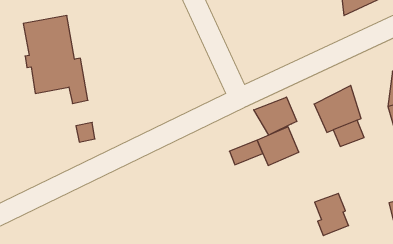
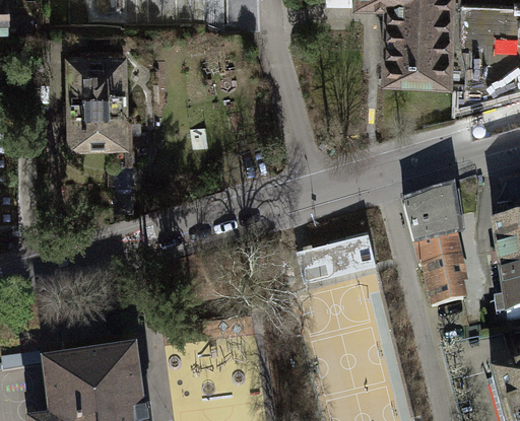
building: [254,97,297,135] -> none
building: [315,193,349,236] -> [428,259,464,306]

